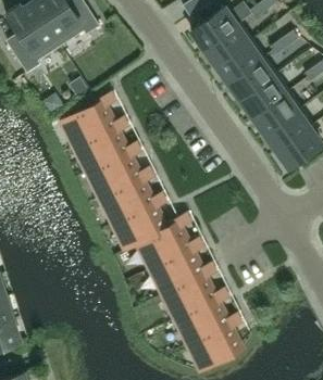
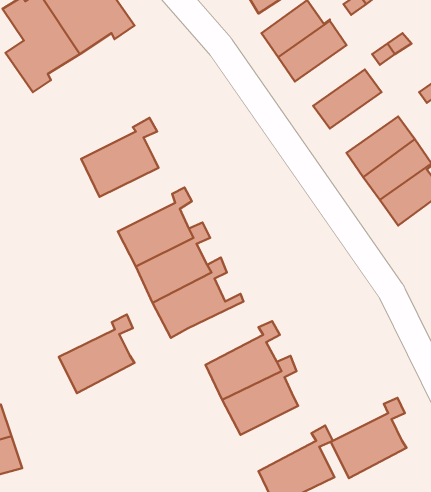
building: [216,39,266,83] -> none
building: [241,73,290,116] -> none
building: [76,116,131,173] -> none
building: [139,212,194,268] -> [59,314,134,393]
building: [177,287,232,344] -> [331,398,407,478]

